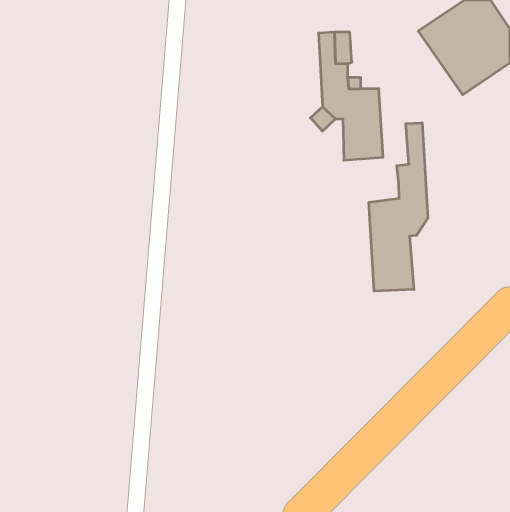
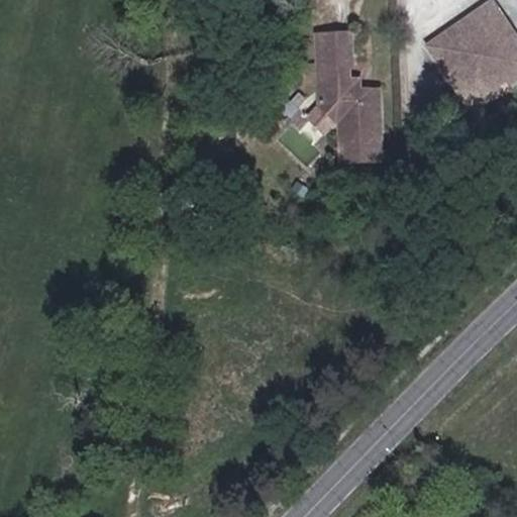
building: [369,123,428,291] -> none

